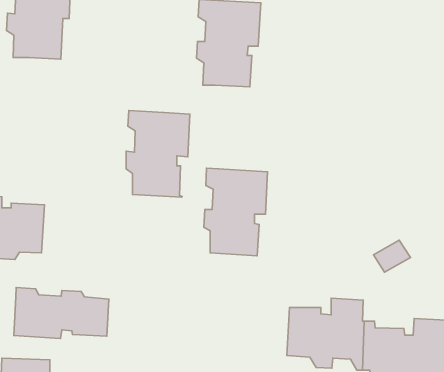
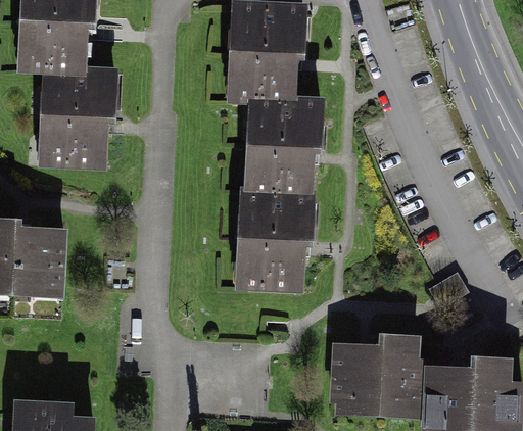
building: none -> [43,70,113,167]
building: [126,111,190,197] -> [249,101,320,197]
building: [14,288,109,338] -> none

